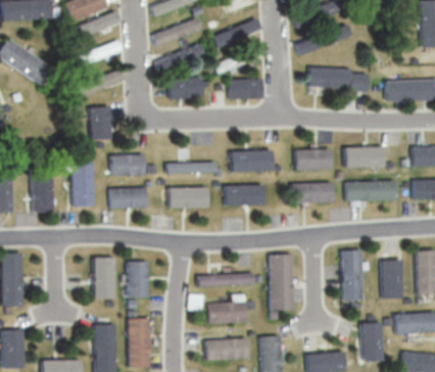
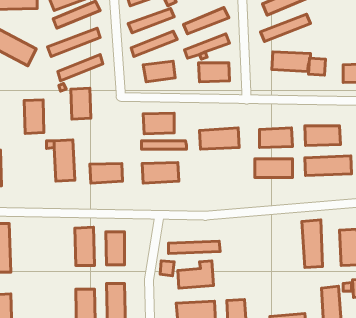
building: [110,154,144,177] -> [143,113,174,134]
building: [32,176,53,213] -> [24,100,44,133]
building: [224,185,261,206] -> none
building: [267,253,291,311] -> none

